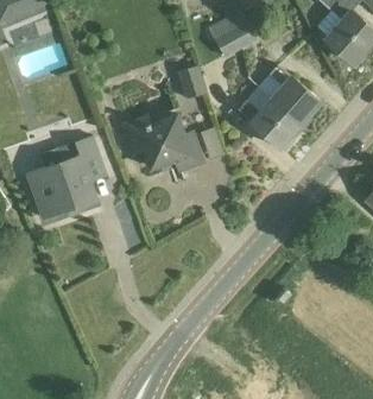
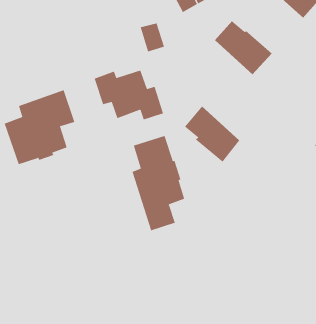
building: [239,86,299,147] -> [184,106,240,162]
building: none -> [132,135,185,231]

